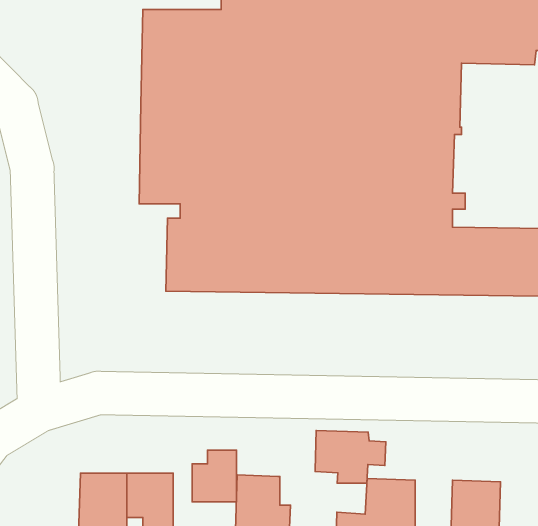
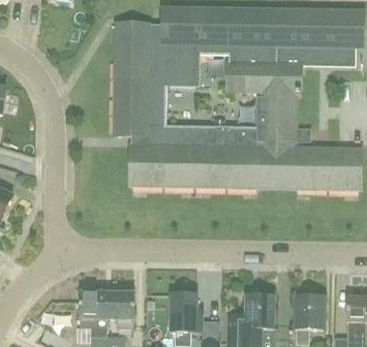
building: [315,431,386,483] -> none
building: [192,450,236,502] -> none

